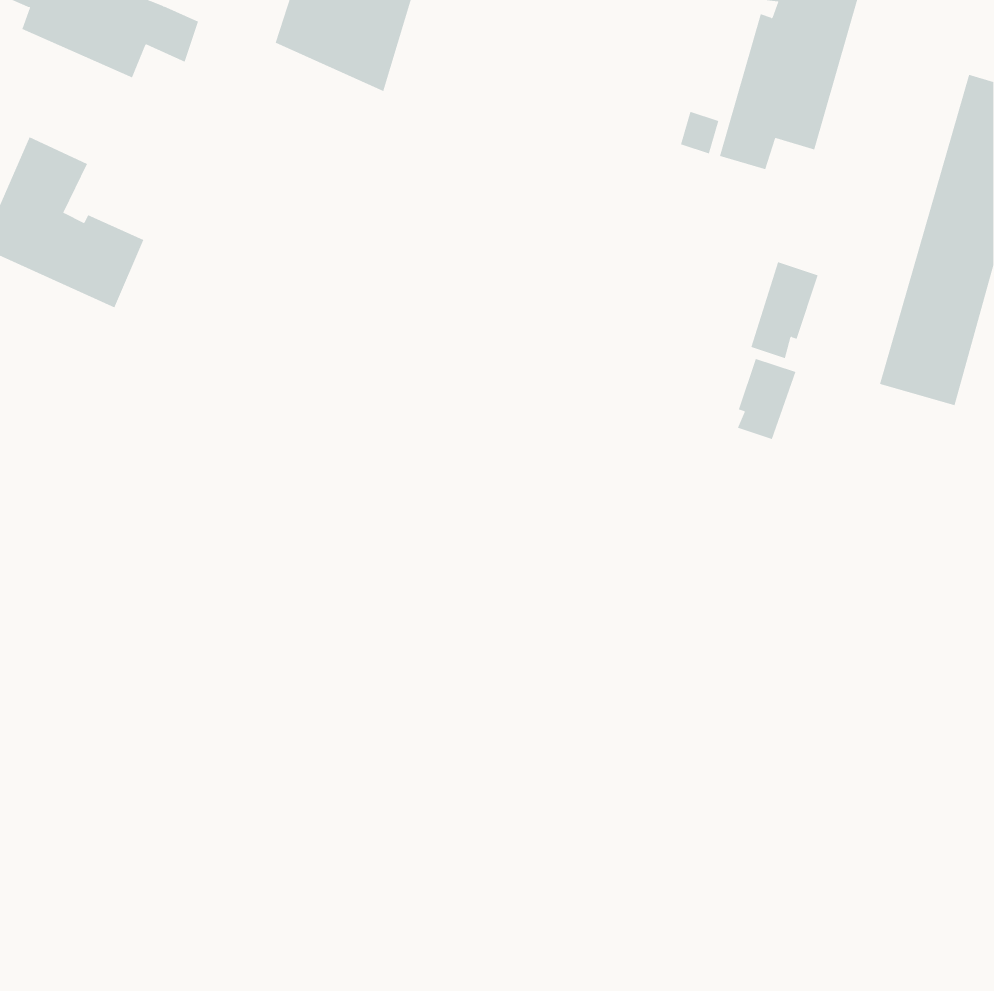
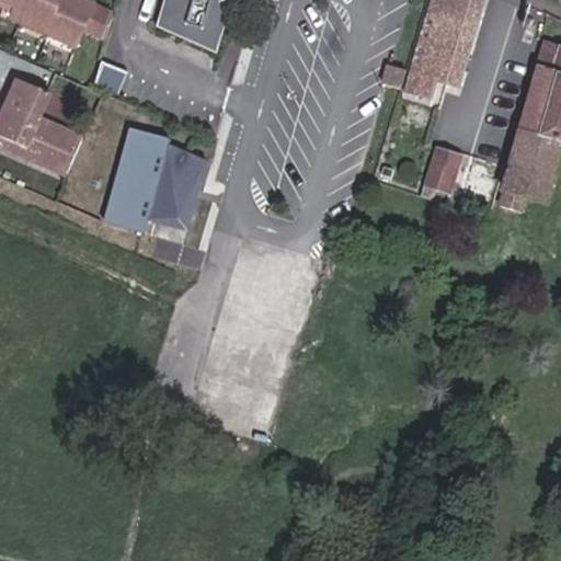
building: none -> [106,129,206,229]
building: [737,358,796,440] -> none

